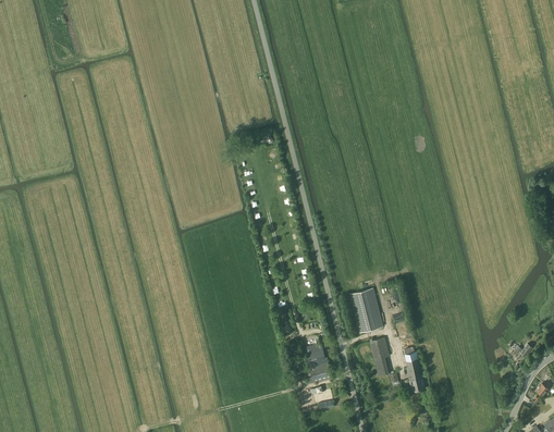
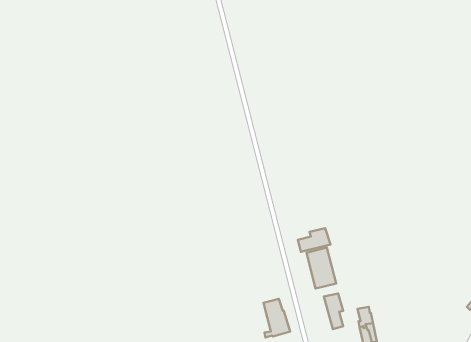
building: none -> [298,228,330,252]

